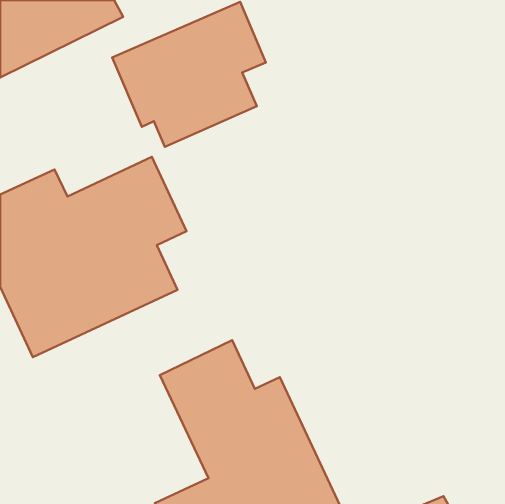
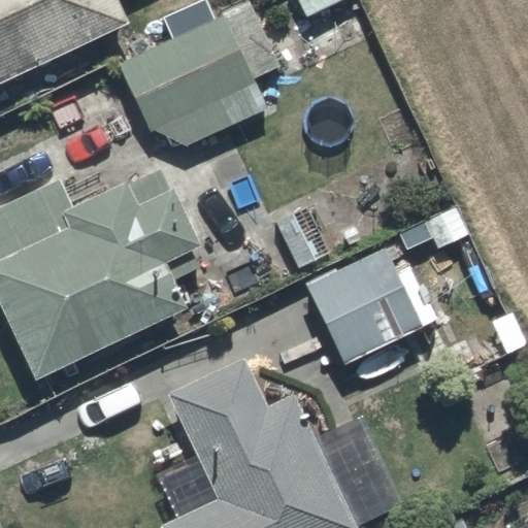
building: none -> [298,249,419,363]

